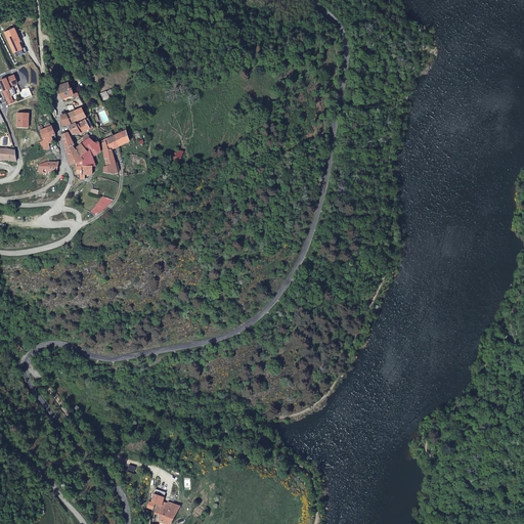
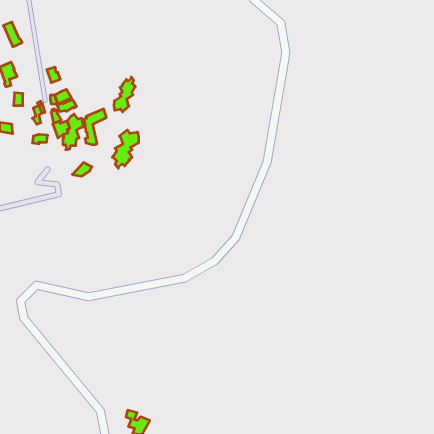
building: none -> [114,77,135,112]
building: none -> [112,130,139,168]

